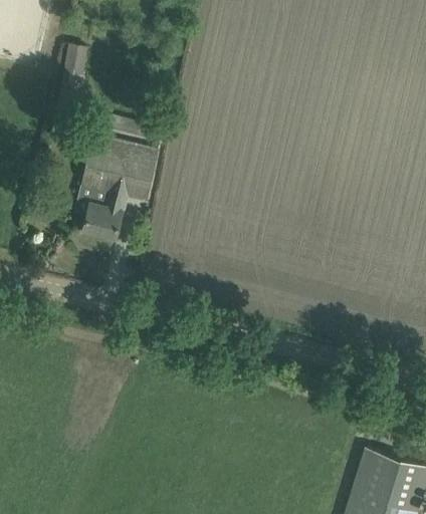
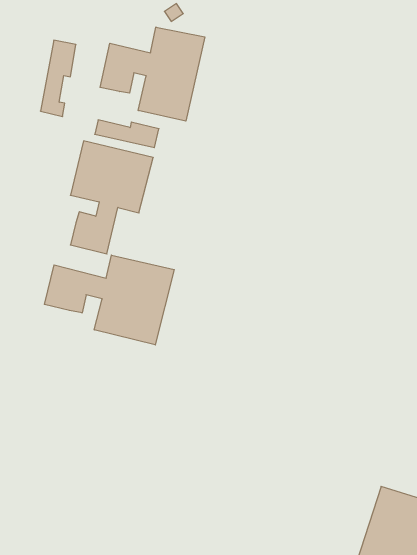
building: none -> [100,27,205,121]
building: none -> [44,255,174,345]

